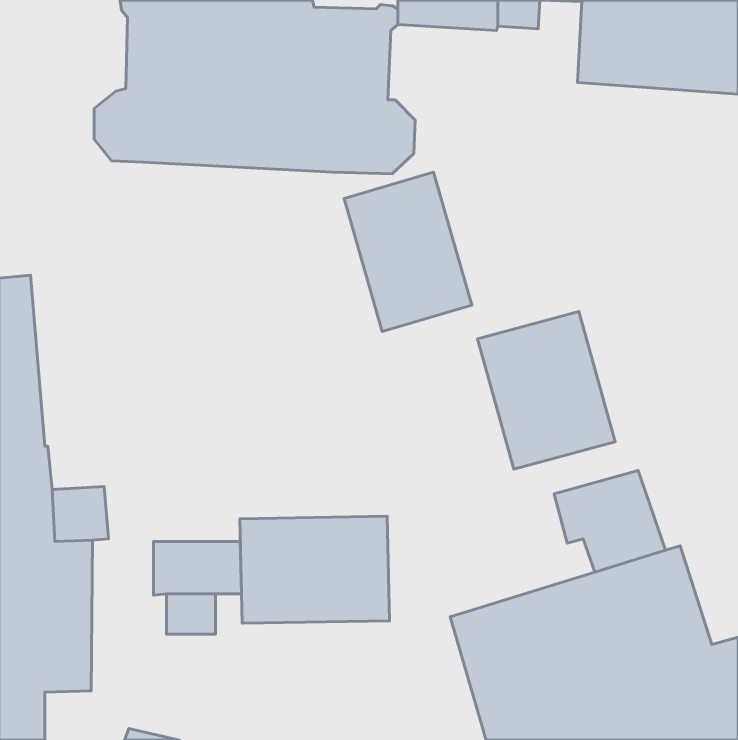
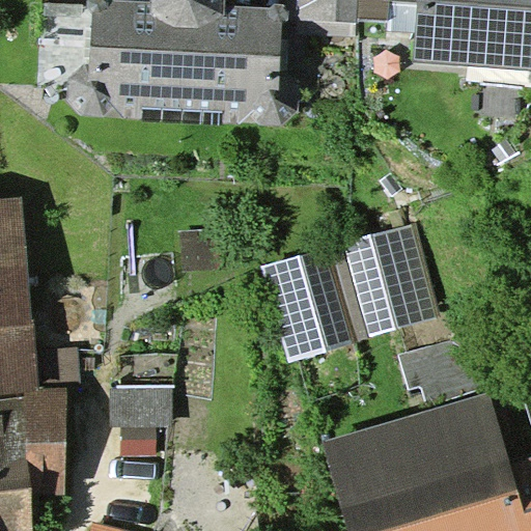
building: [344,172,472,331] -> none
building: none -> [260,247,353,362]
building: [240,516,390,623] -> none

